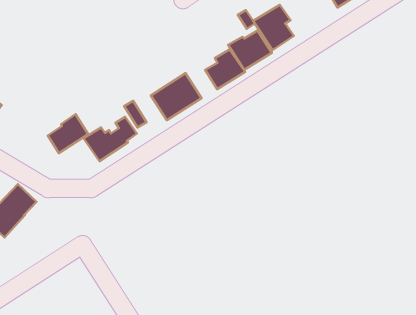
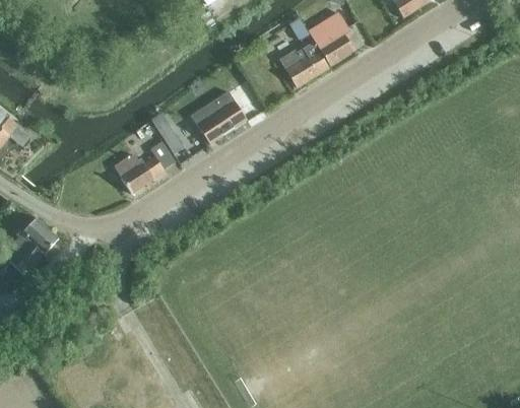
building: [205,49,245,89] -> none
building: [48,114,88,153] -> none

